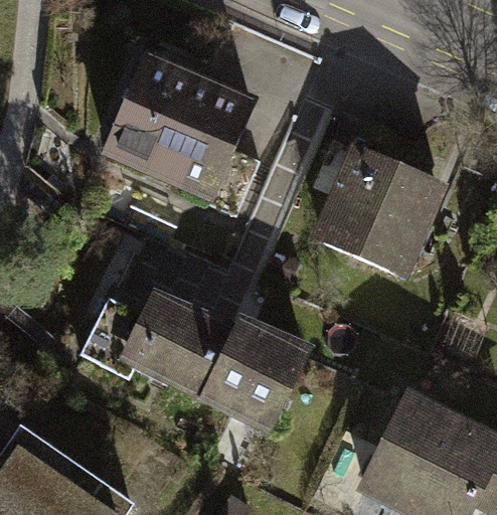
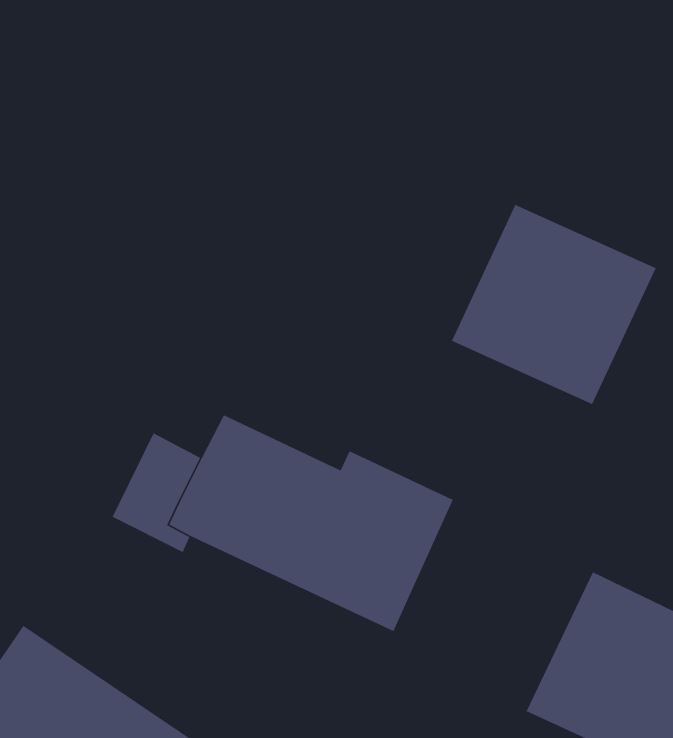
building: [100,50,256,202] -> none

